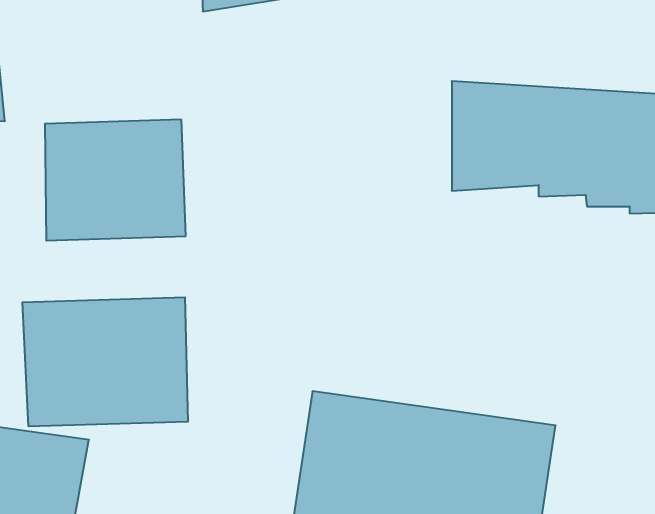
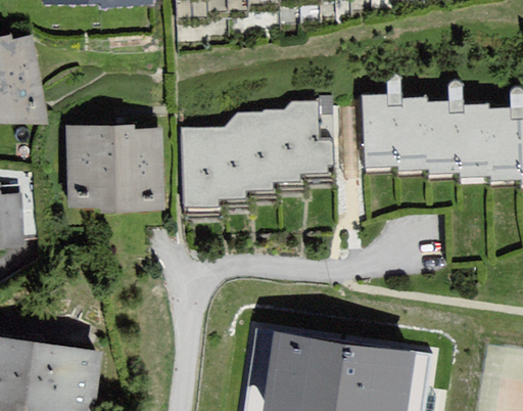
building: none -> [182,102,336,218]
building: [22,297,188,426] -> none

